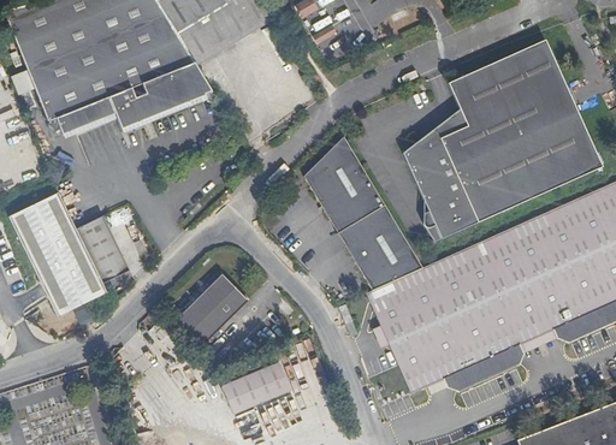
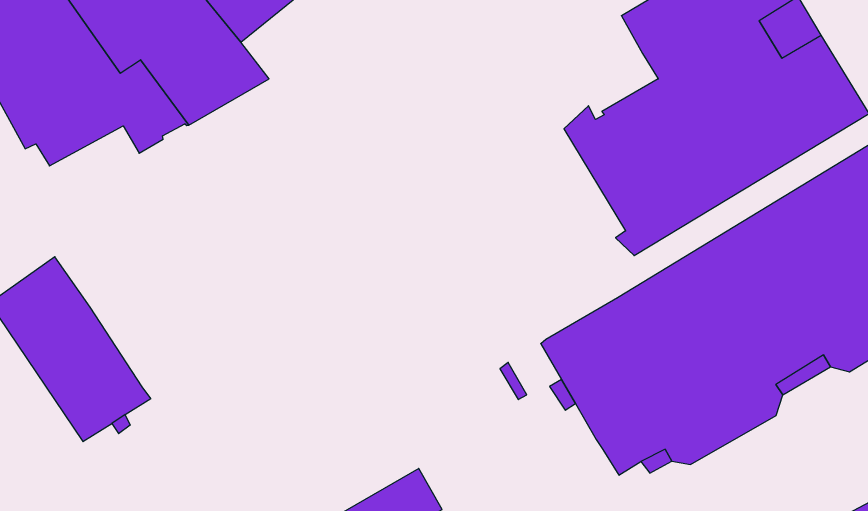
building: [420,108,468,148] -> none
building: [304,136,424,289] -> none
building: [76,218,131,287] -> none
building: [171,273,247,350] -> none

